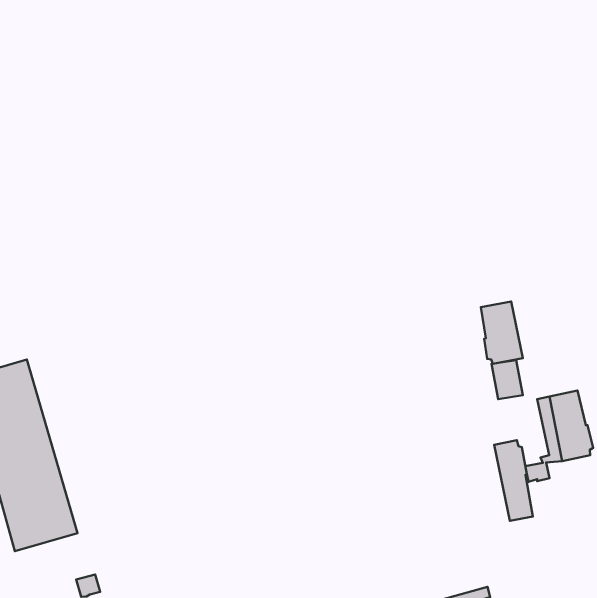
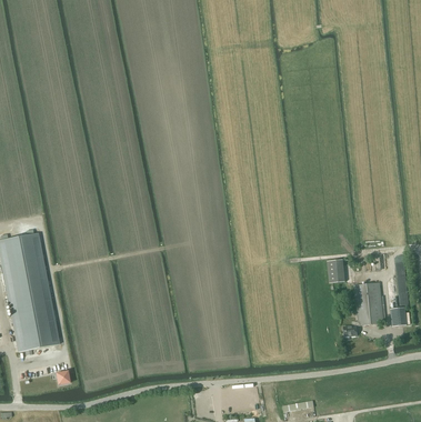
building: [481,301,523,364] -> none
building: [494,440,533,521] -> none

